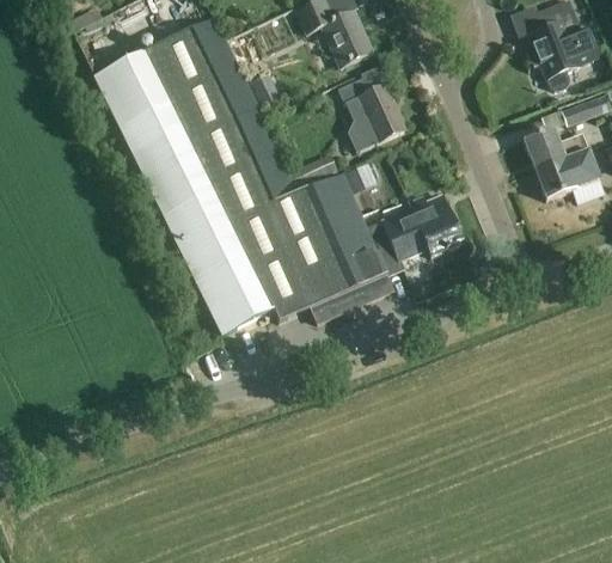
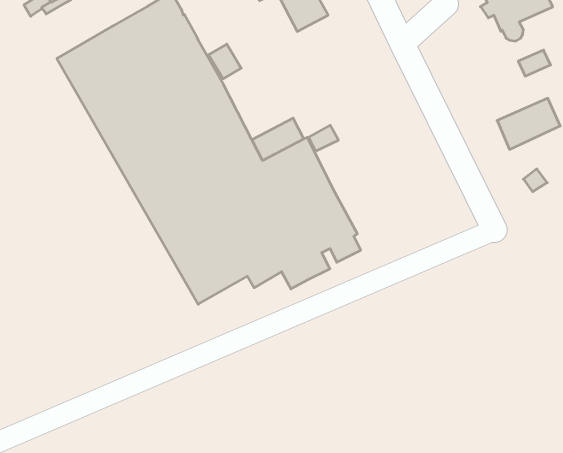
building: [337,77,405,151] -> none
building: [524,128,588,169] -> none
building: [366,195,461,274] -> none

